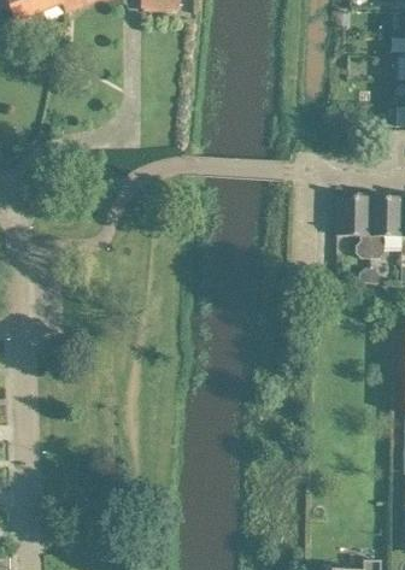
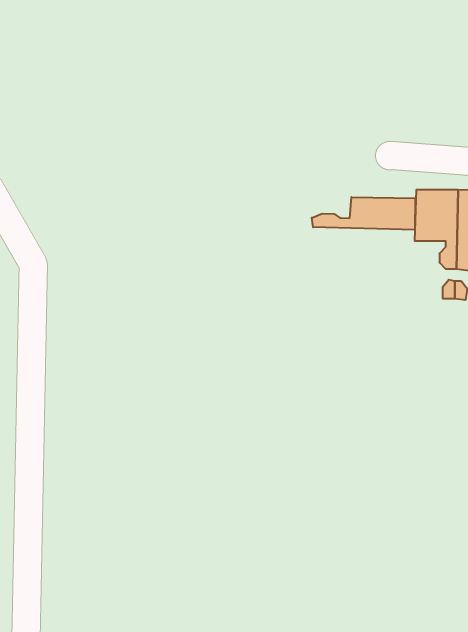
building: none -> [312,197,415,230]

